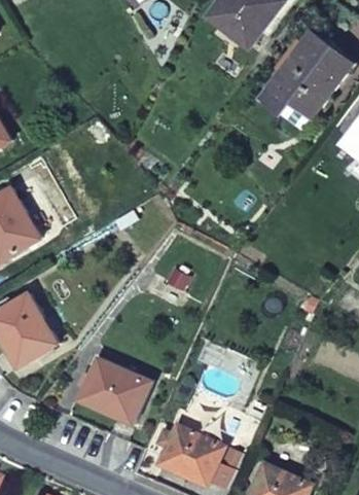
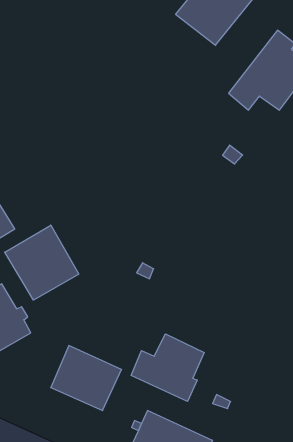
building: none -> [5,225,79,300]
building: none -> [131,334,204,401]

